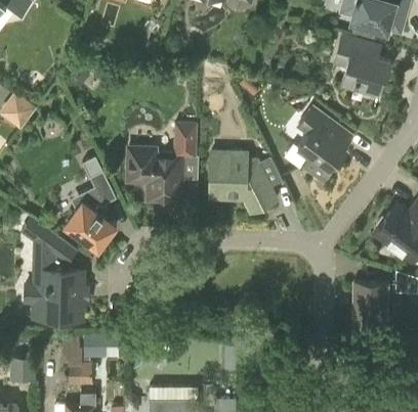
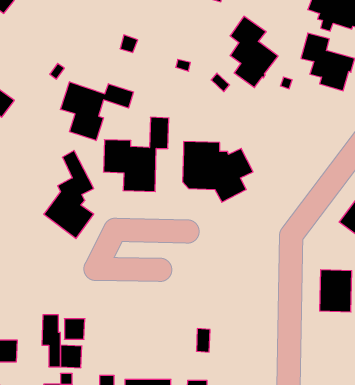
building: none -> [60,82,133,141]
building: [298,107,348,182] -> [230,16,278,88]
building: [25,218,87,320] -> none

